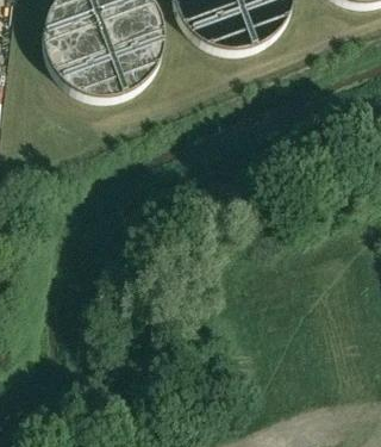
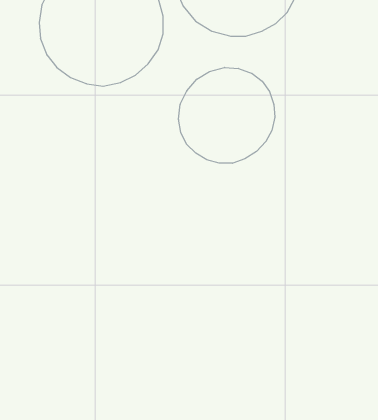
building: none -> [179,67,275,163]

